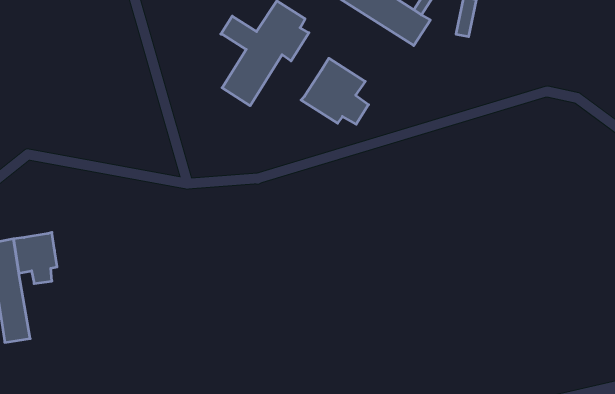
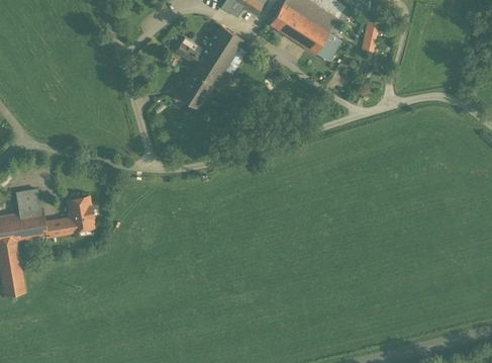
building: [301,58,369,124] -> none
building: none -> [16,189,39,212]
building: none -> [44,196,93,236]

